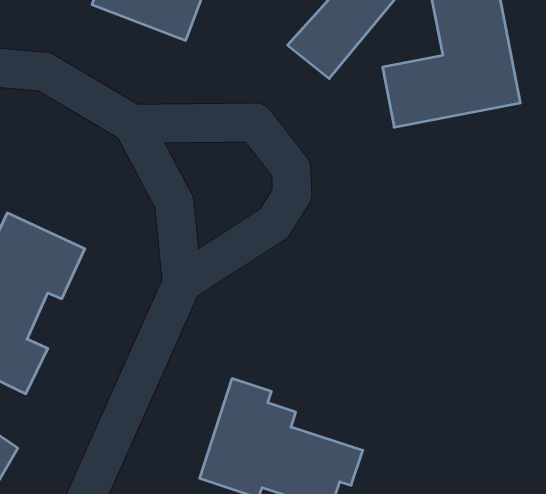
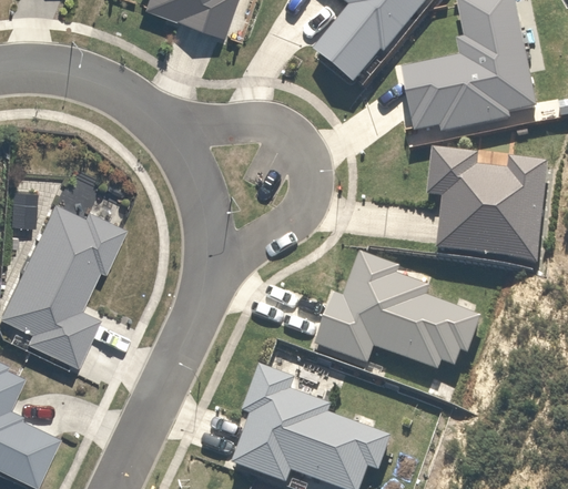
building: none -> [427,145,550,263]
building: none -> [315,248,465,376]

